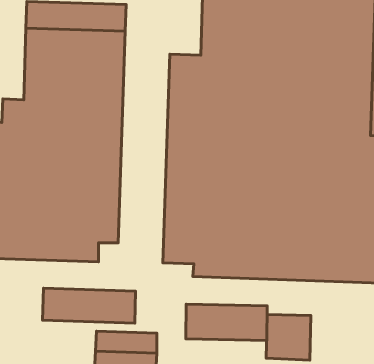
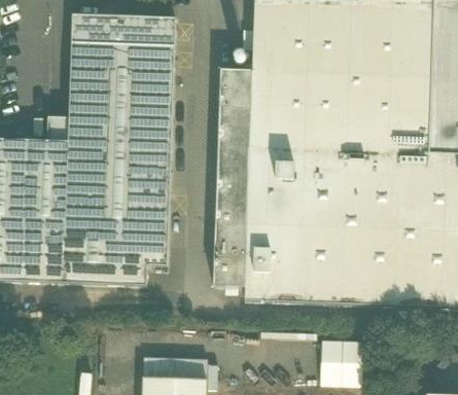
building: [43,288,136,323] -> none
building: [186,304,267,341] -> none

